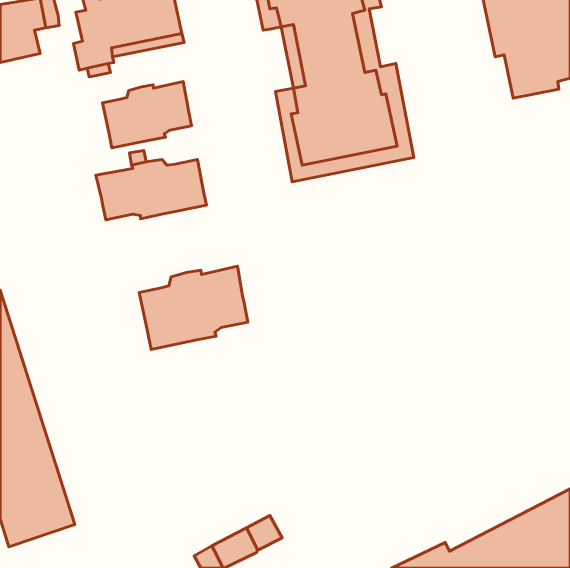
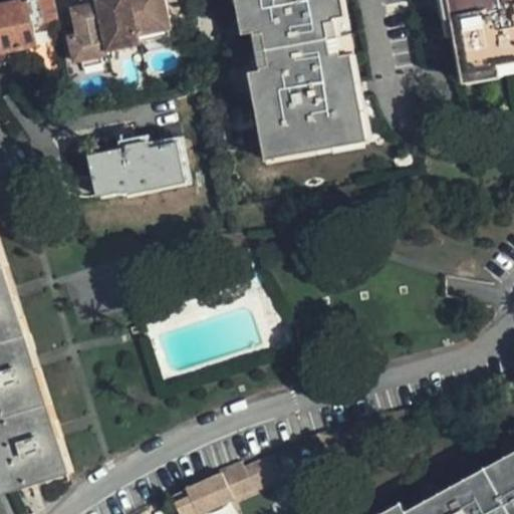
building: [103,82,191,148] -> none
building: [139,266,248,349] -> none

